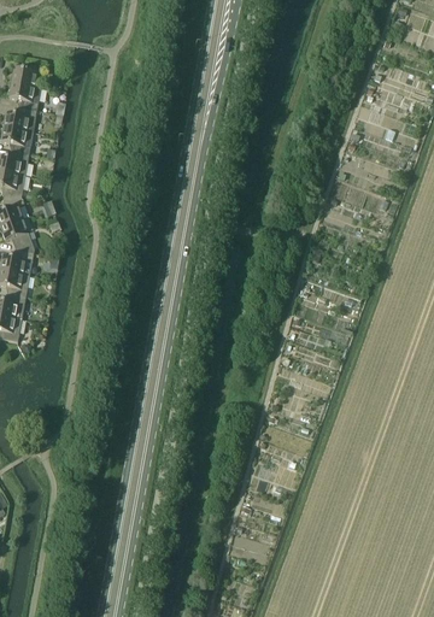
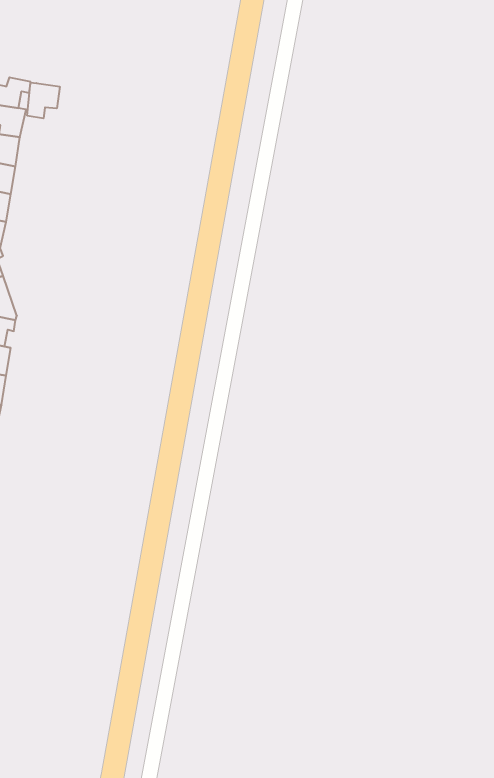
building: none -> [27,83,60,118]

